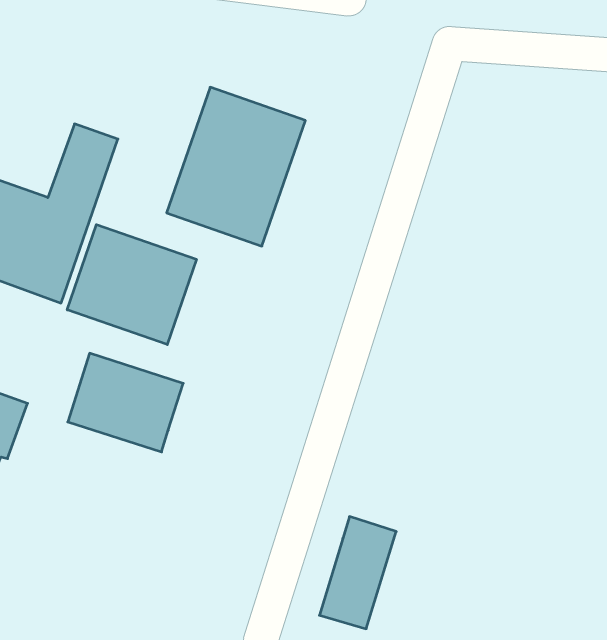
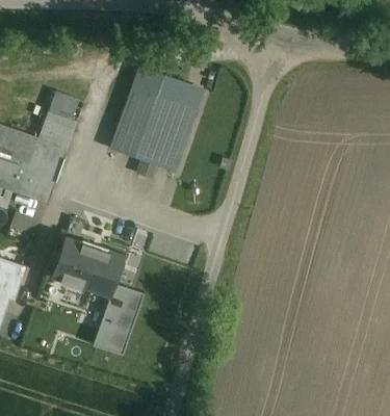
building: [67,225,196,345] -> none
building: [319,517,396,629] -> [95,283,142,353]

